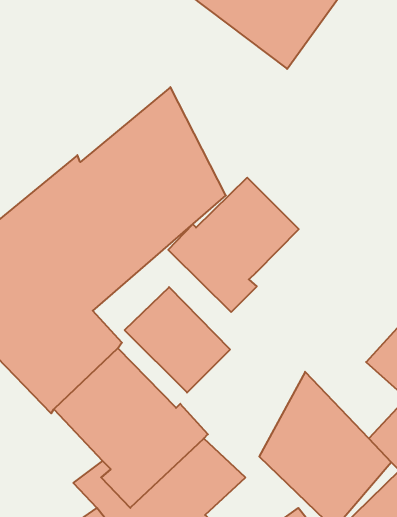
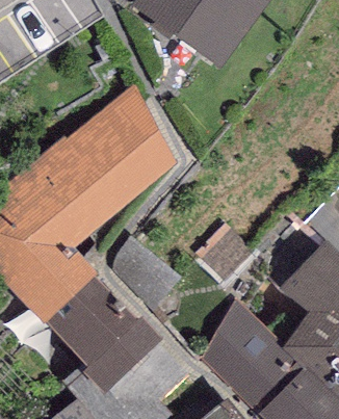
building: [168,178,299,312] -> none

